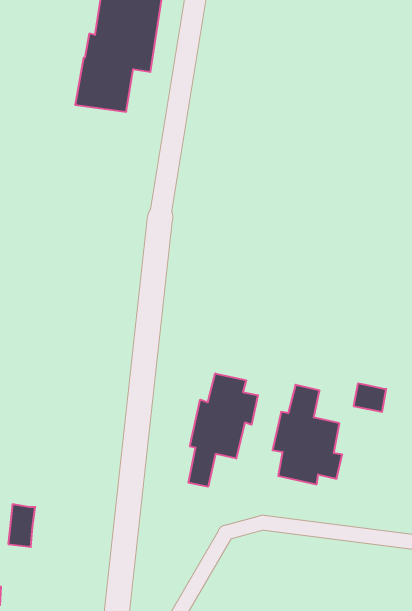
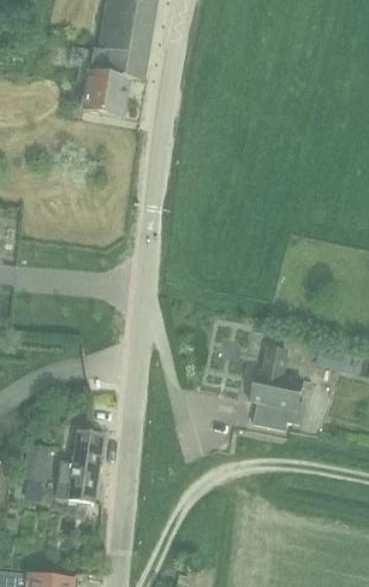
building: [188,373,258,487] -> none
building: none -> [58,429,103,502]

